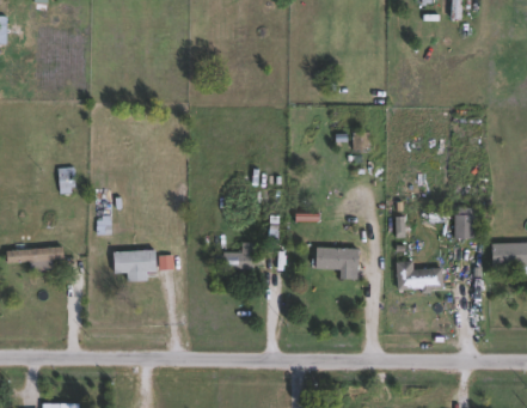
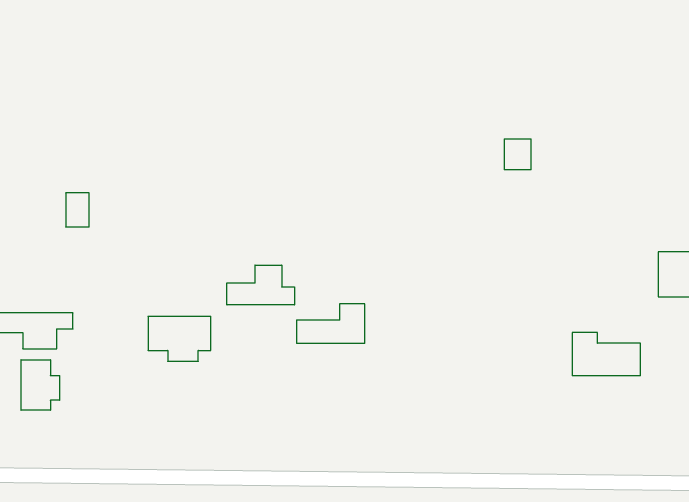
building: none -> [227,265,294,305]
building: [315,248,359,270] -> none
building: none -> [21,360,60,410]

